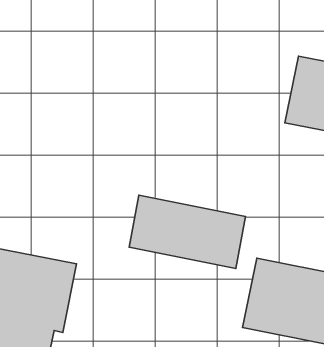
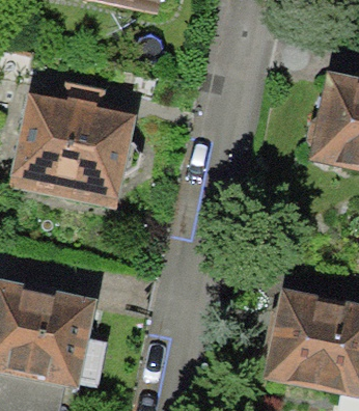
building: none -> [20,93,132,197]
building: [129,195,246,268] -> none

